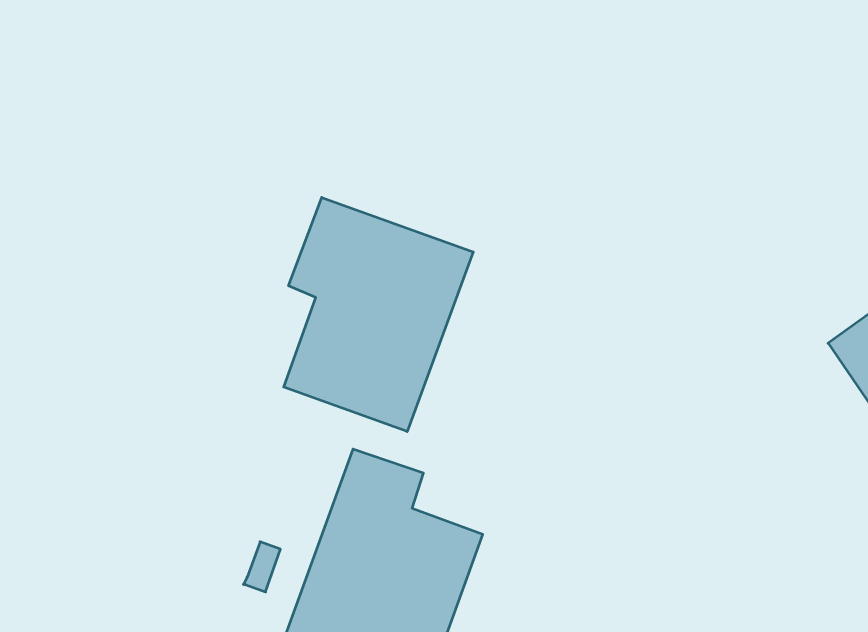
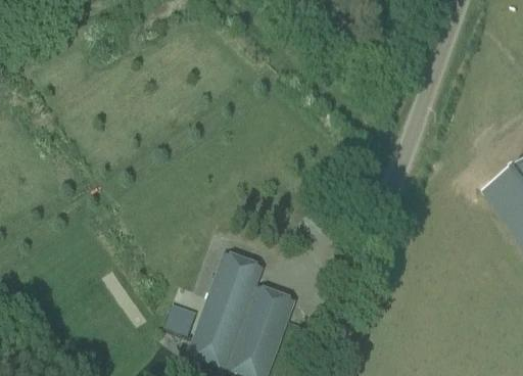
building: [284,197,473,432] -> none

